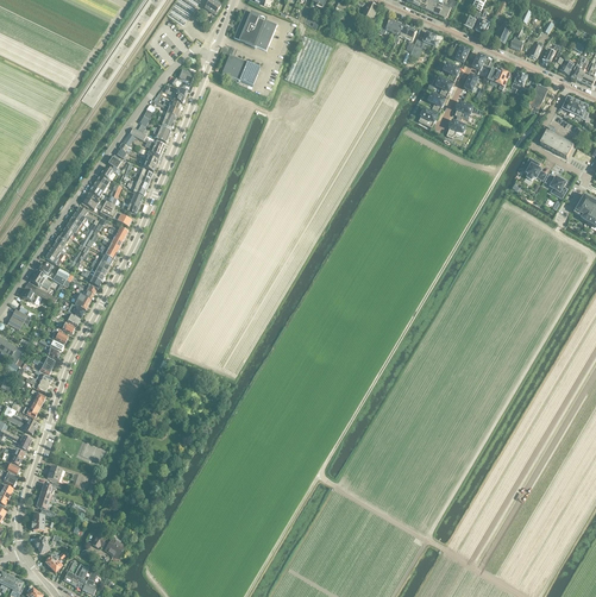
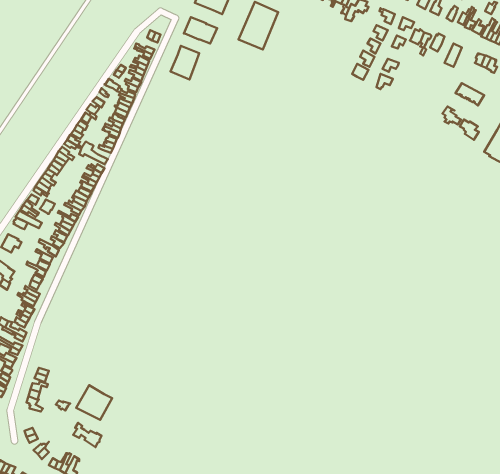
building: none -> [171,46,199,79]
building: none -> [76,385,112,420]

